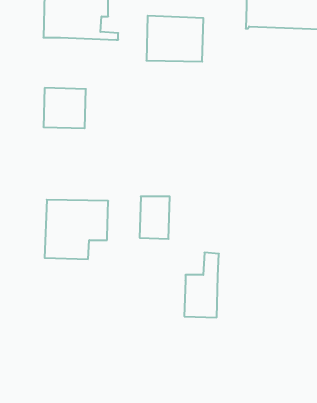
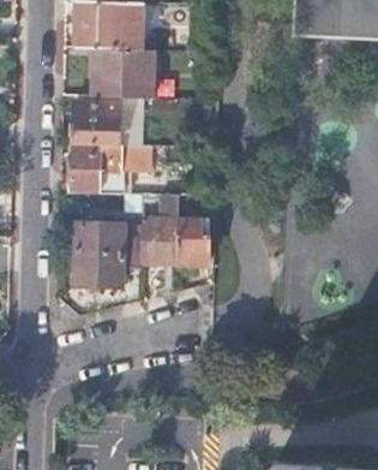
building: [146,16,203,62] -> [89,47,150,96]
building: none -> [66,143,149,192]
building: [184,253,219,317] -> [140,192,178,262]

